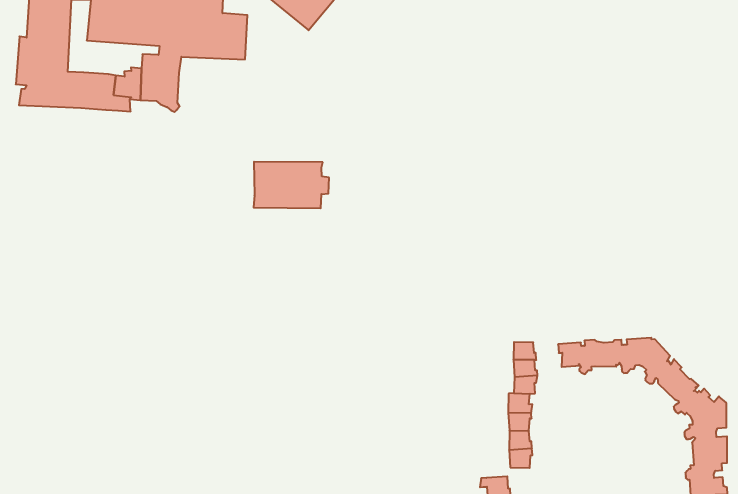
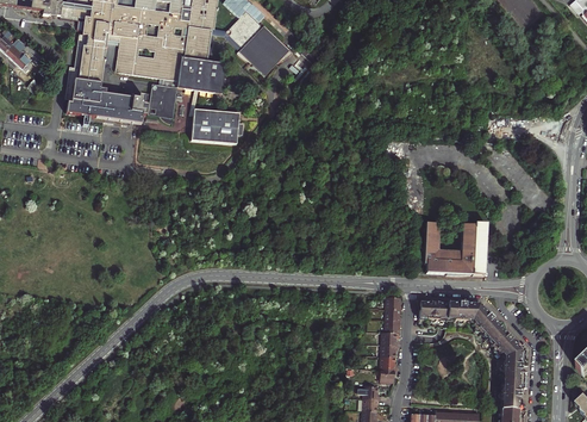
building: [254,162,329,208] -> [191,108,243,143]
building: none -> [424,223,487,274]

